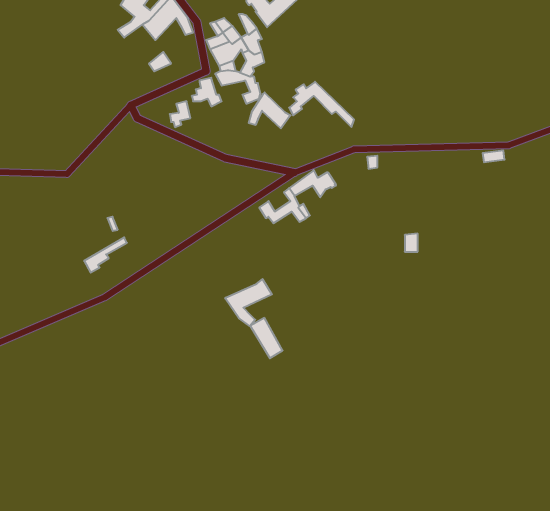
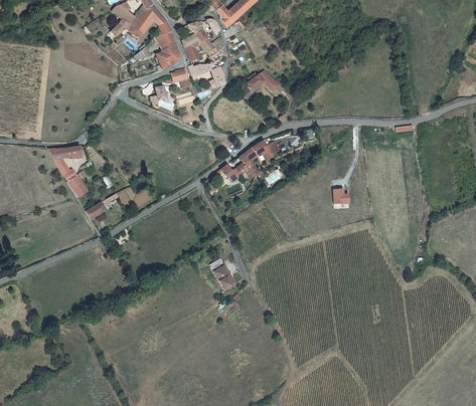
building: none -> [155,33,180,71]
building: [249,92,291,128] -> none
building: none -> [49,145,87,197]
building: [225,279,272,326] -> none

